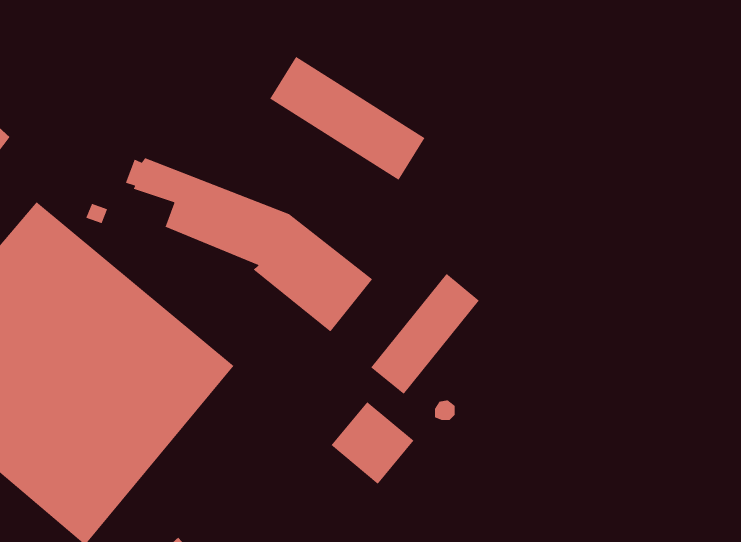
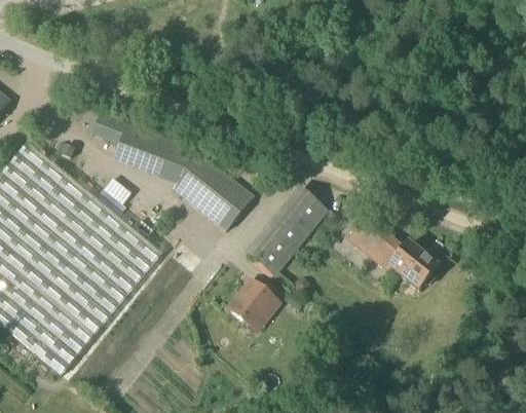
building: [269,56,425,181] -> none
building: none -> [350,217,439,289]

